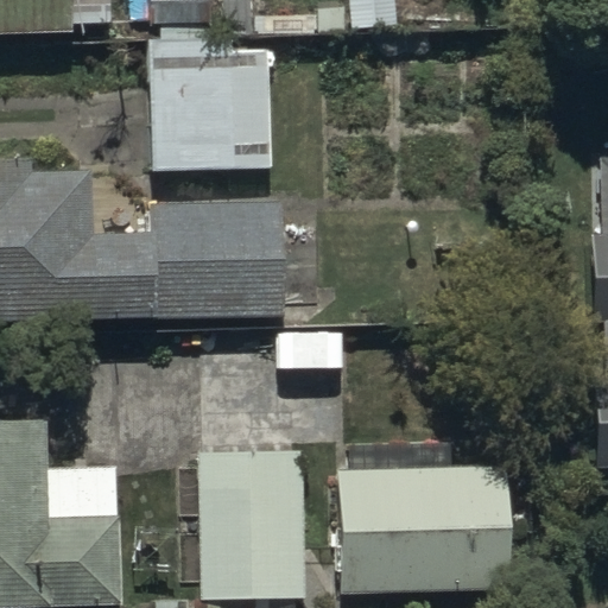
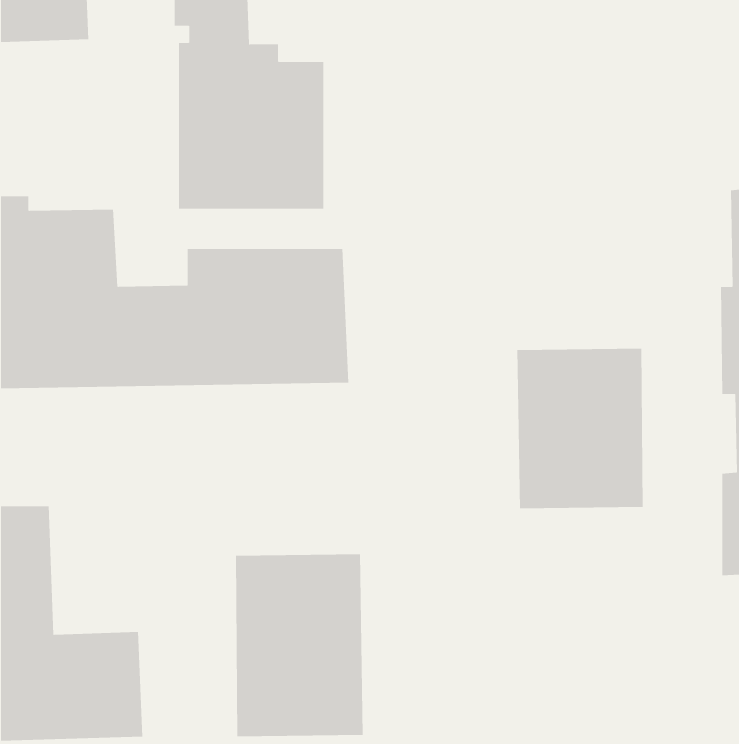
building: none -> [517,348,643,509]
building: [336,467,509,593] -> none

